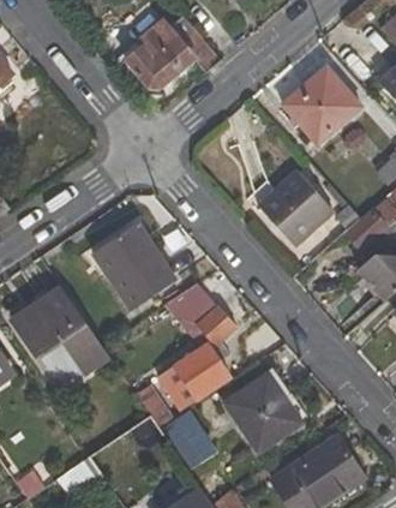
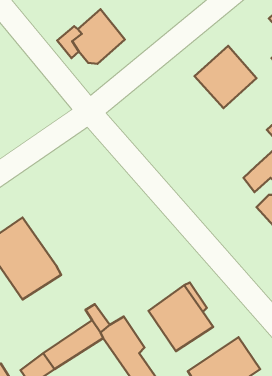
building: [257,169,332,246] -> none
building: [94,225,179,310] -> none
building: [160,282,236,411] -> none

